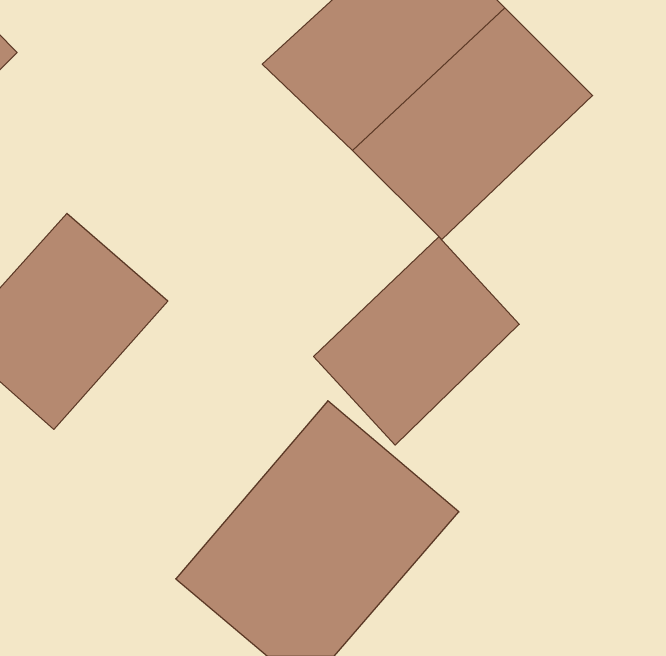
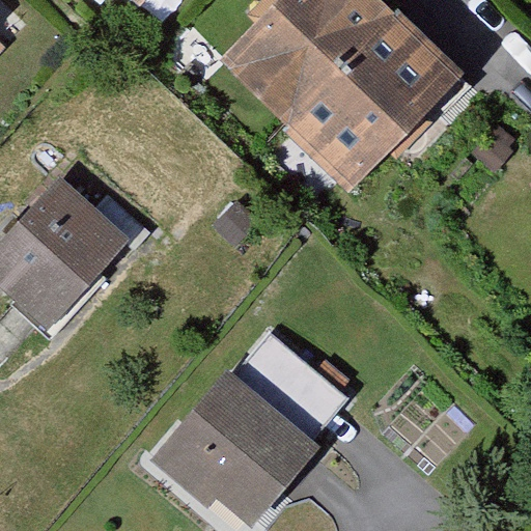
building: [314,237,519,445] -> none

